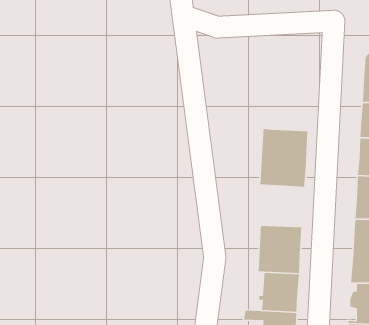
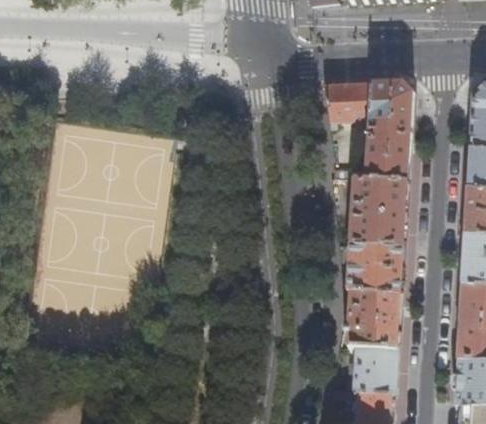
building: none -> [322,81,413,180]
building: none -> [348,243,403,292]

